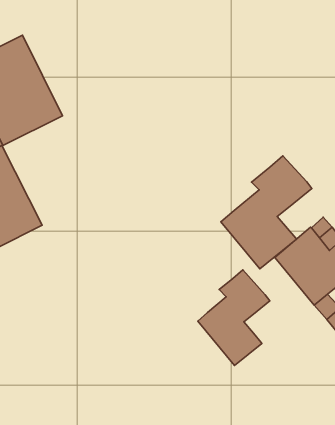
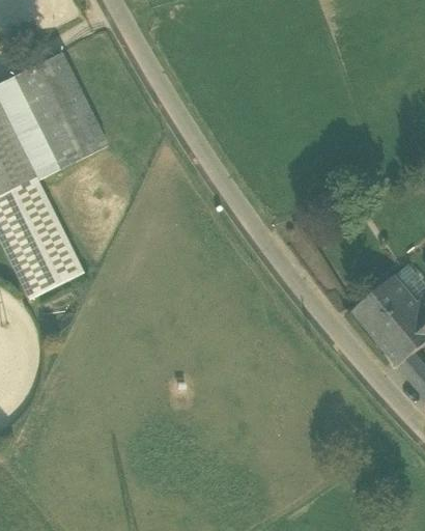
building: [221,156,312,269] -> none
building: [198,270,270,365] -> none

